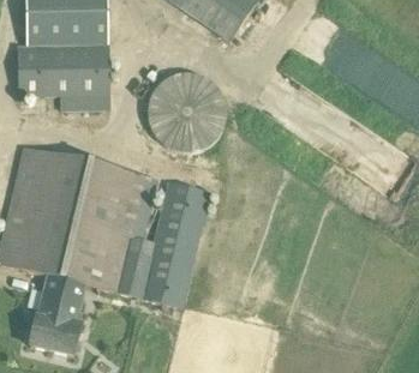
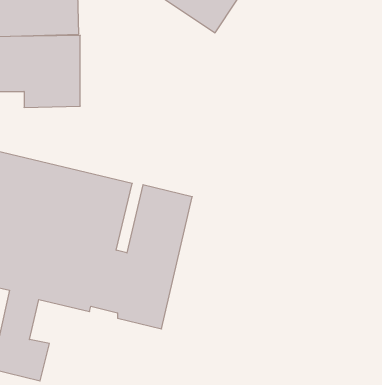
building: [146,72,226,150] -> none

